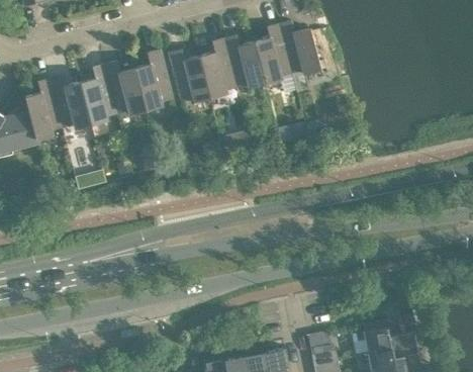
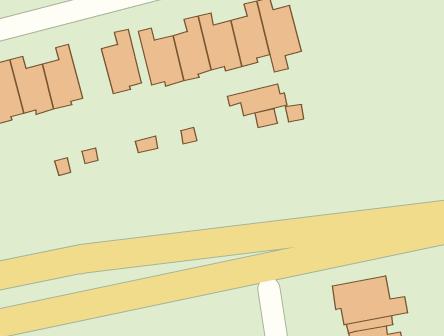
building: [104,61,146,114] -> none
building: none -> [227,84,287,116]
building: none -> [332,276,407,325]

